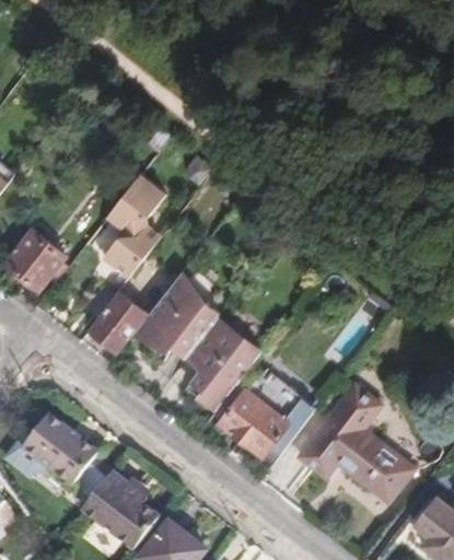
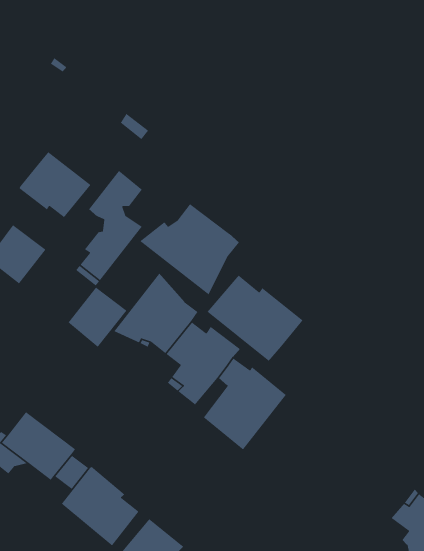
building: none -> [18,151,91,218]
building: none -> [139,203,240,295]
building: none -> [207,275,303,362]
building: [301,385,414,502] -> none

